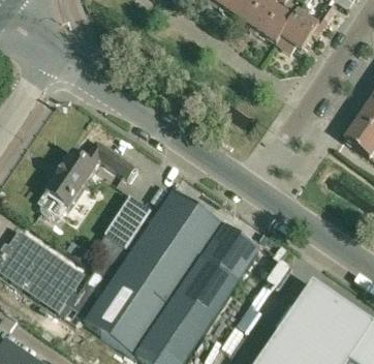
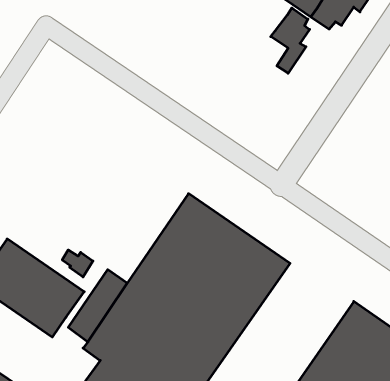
building: none -> [271,8,310,73]
building: [38,139,137,215] -> none
building: [105,195,151,248] -> none

